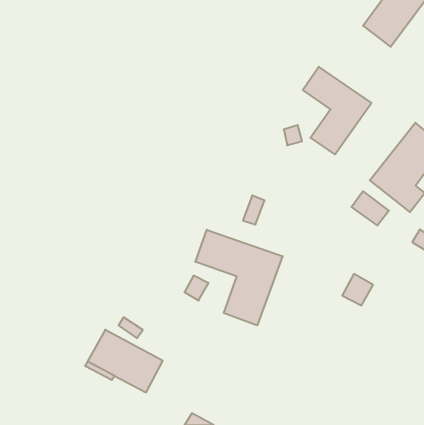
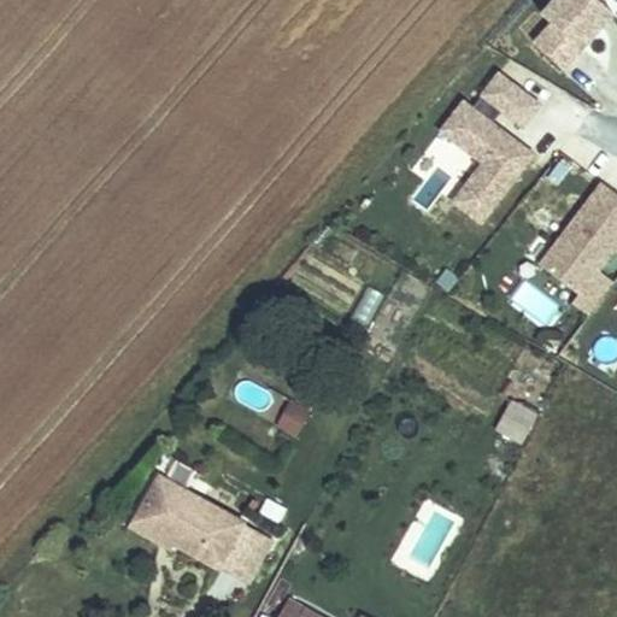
building: none -> [482,66,546,125]
building: [195,230,283,325] -> none
building: none -> [215,521,270,583]

